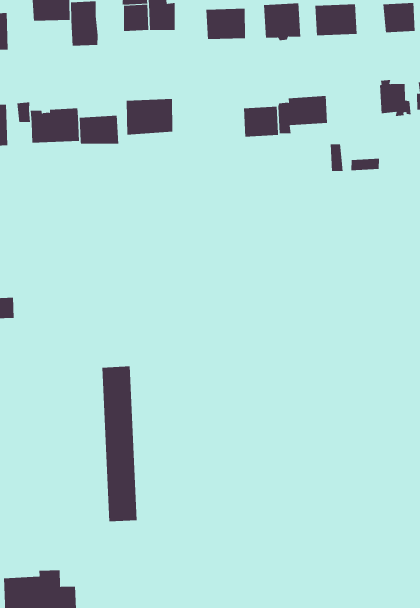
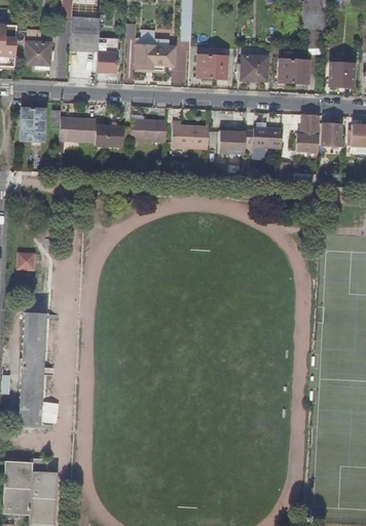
building: none -> [297,114,319,156]
building: none -> [172,120,209,149]
building: [102,366,138,522] -> [19,312,46,428]

